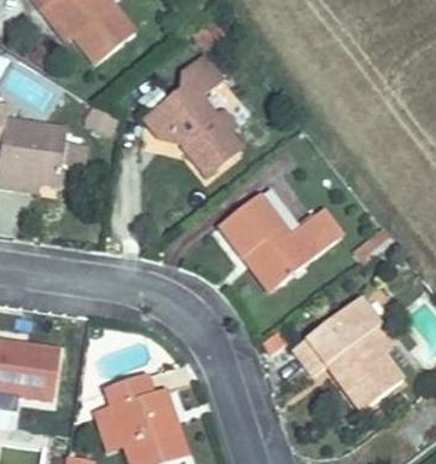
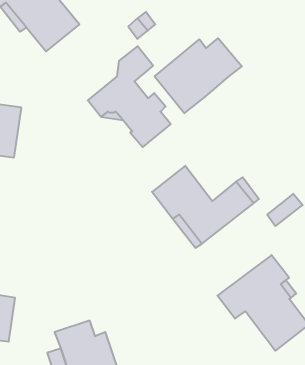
building: none -> [155,38,242,113]

